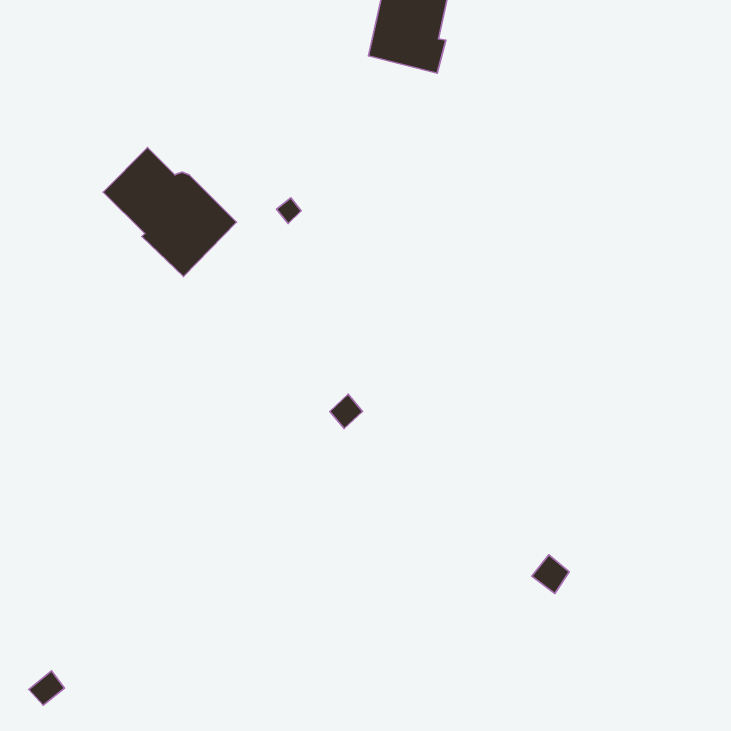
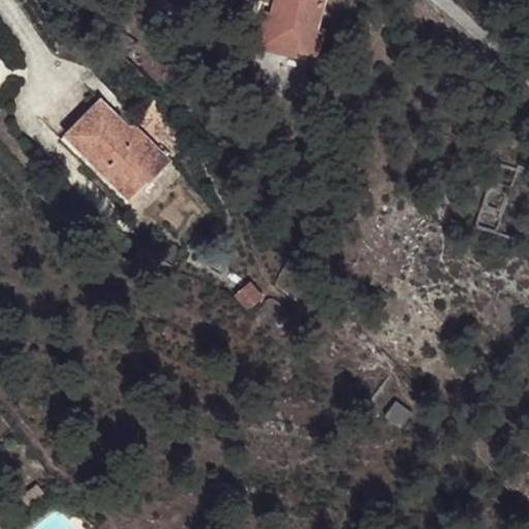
building: none -> [58,99,106,178]

